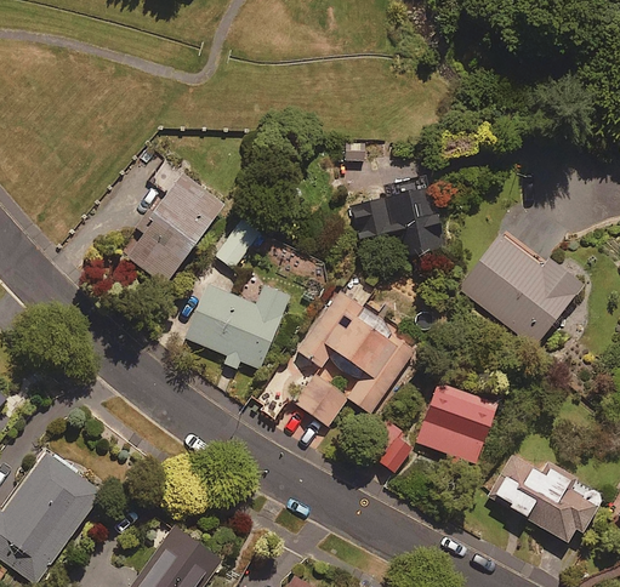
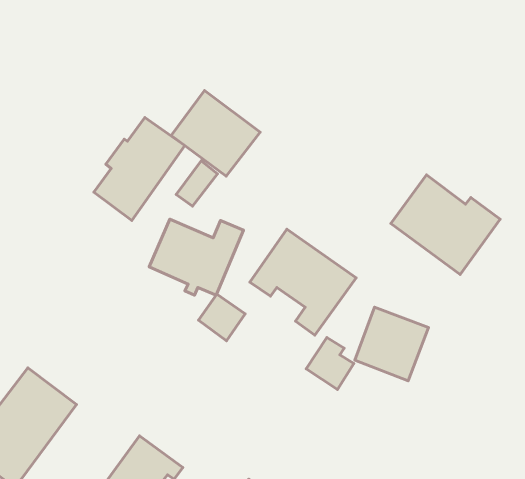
building: none -> [171,90,260,176]
building: [352,182,448,253] -> none
building: [296,375,348,427] -> [198,294,245,341]
building: [485,455,598,547] -> none

